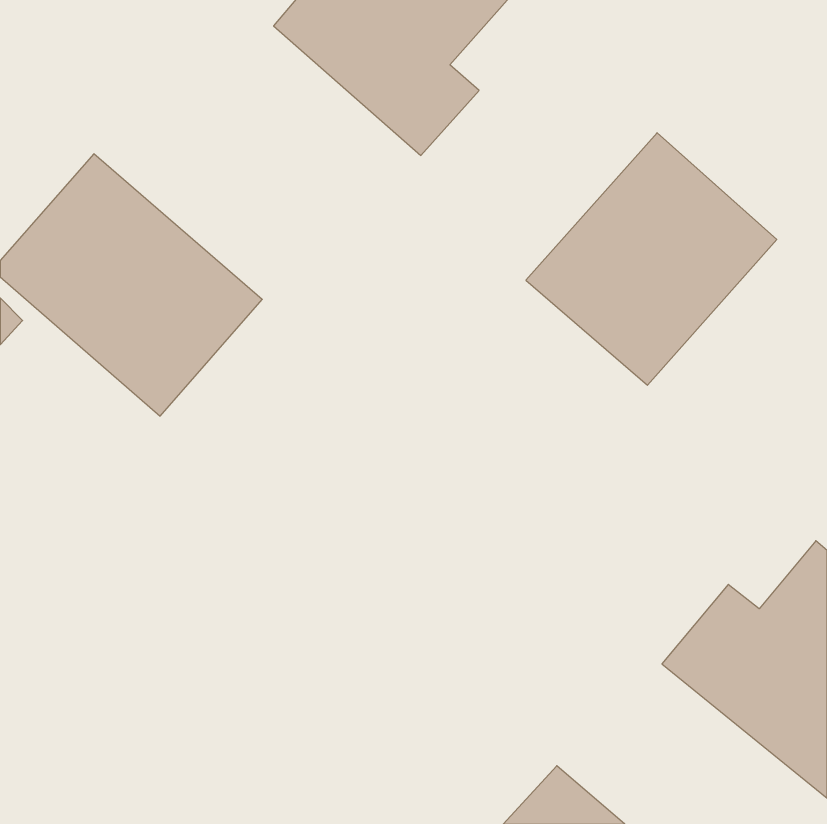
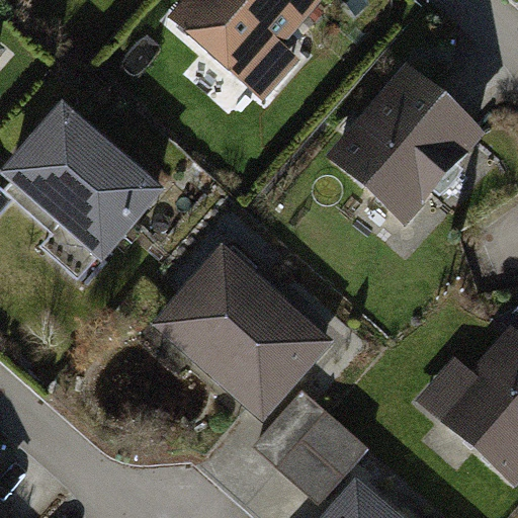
building: none -> [150,242,336,422]
building: none -> [257,393,368,502]

